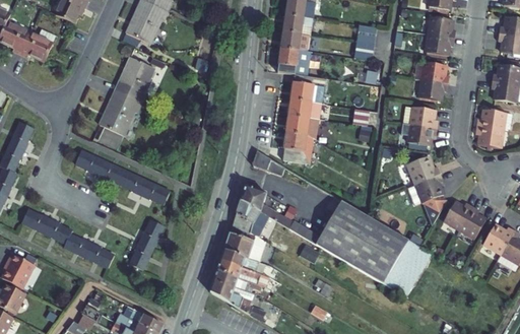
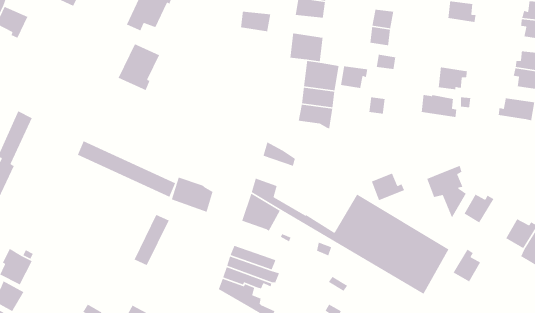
building: [19,28,55,61] -> none
building: [280,30,310,51] -> [240,11,271,32]
building: [425,34,454,58] -> none
building: [413,61,448,83] -> none
building: none -> [340,66,368,89]
building: [98,90,141,149] -> none
building: [400,123,436,144] -> none
building: [474,126,502,147] -> none
building: [281,131,313,161] -> none
building: [407,155,440,183] -> [371,172,405,201]
building: [458,205,485,238] -> [452,248,481,283]
building: [21,208,114,268] -> none
building: [224,226,265,261] -> [171,176,213,213]

